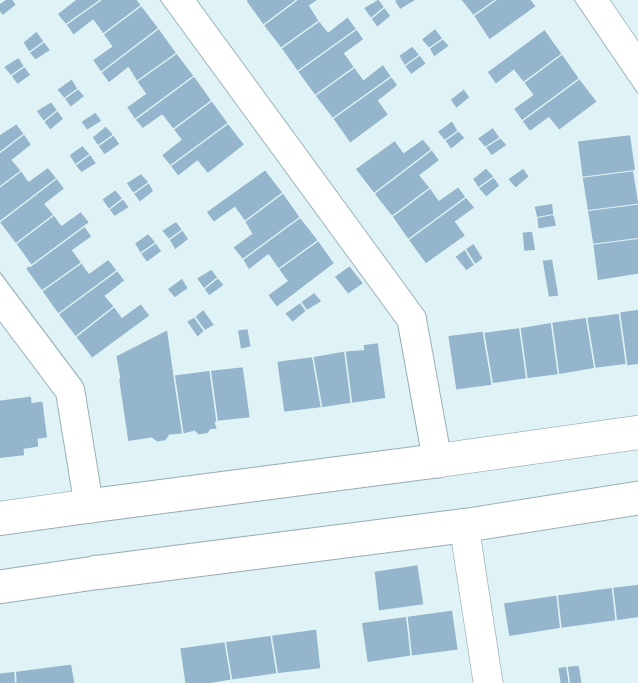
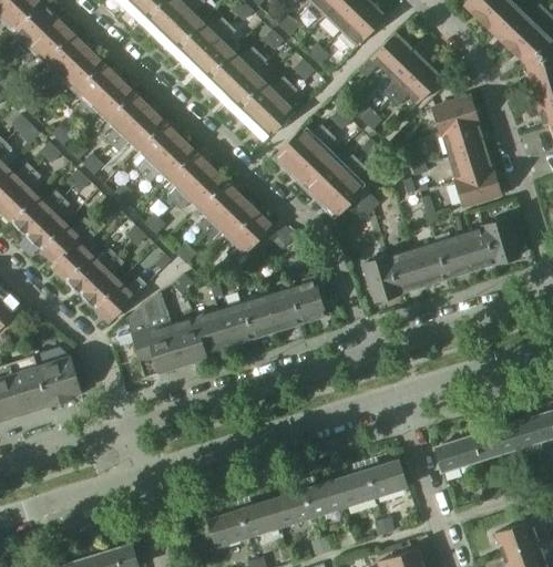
building: none -> [167,150,212,204]
building: none -> [219,302,254,346]
building: [374,565,424,611] -> [304,480,344,517]

